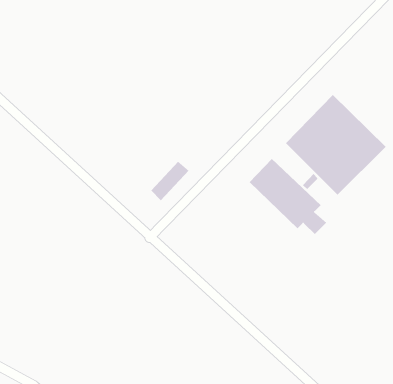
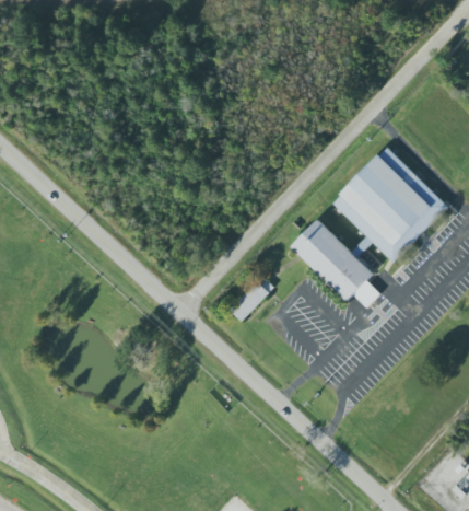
building: [150,161,190,201] -> [228,275,273,321]

